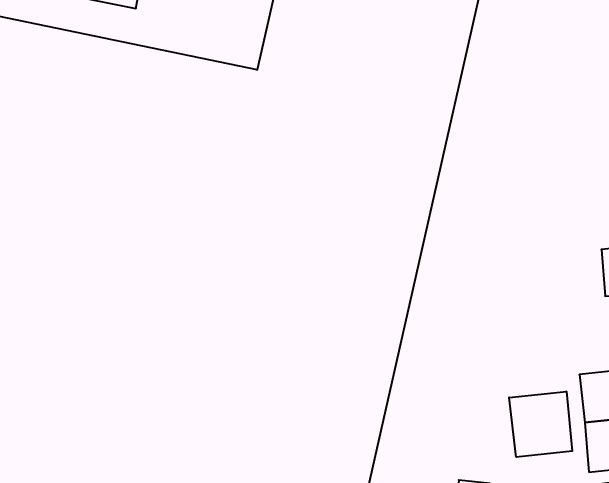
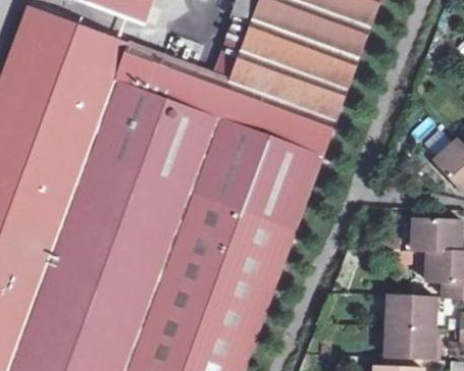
building: [509,391,572,457] -> none

